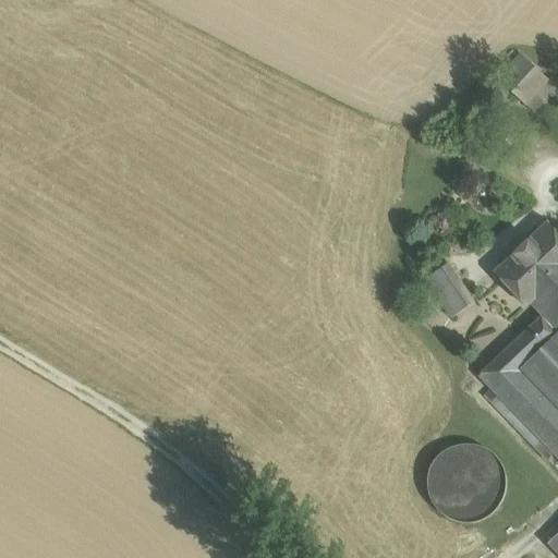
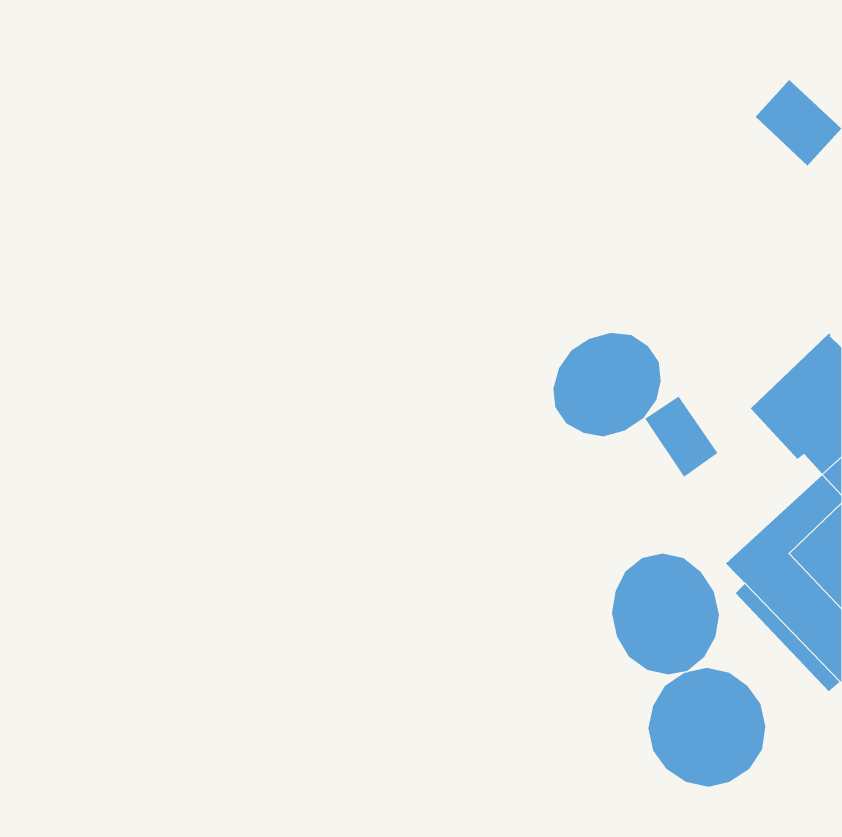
building: none -> [553,332,662,437]
building: none -> [611,553,720,675]

